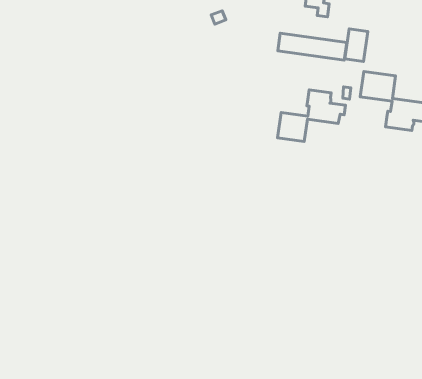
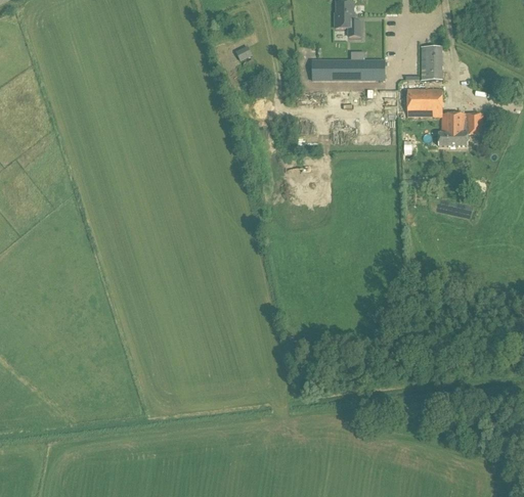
building: [345,29,368,62] -> [422,46,442,79]
building: [278,90,345,142] -> none

